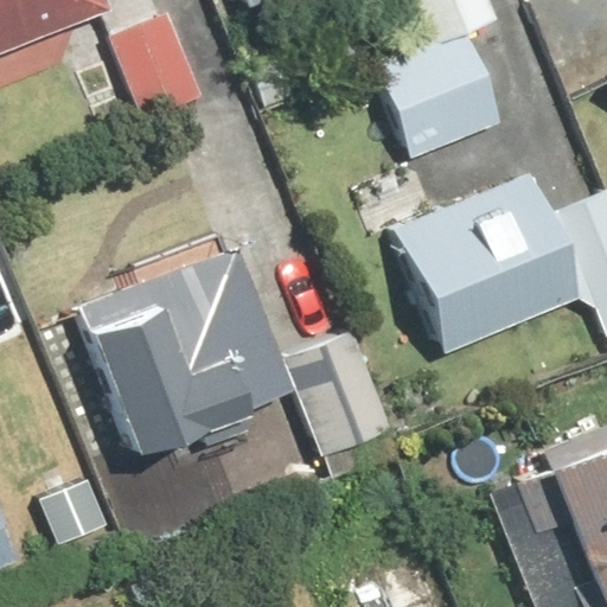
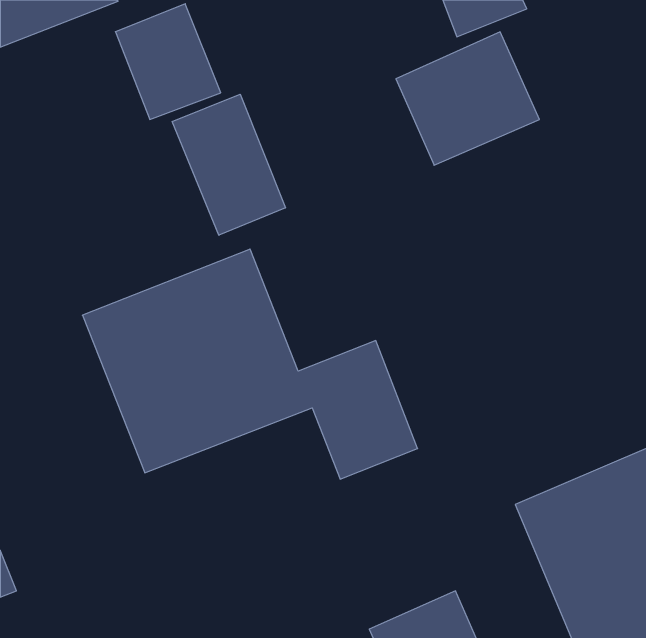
building: none -> [172,94,285,235]
building: [350,171,590,353] -> none

